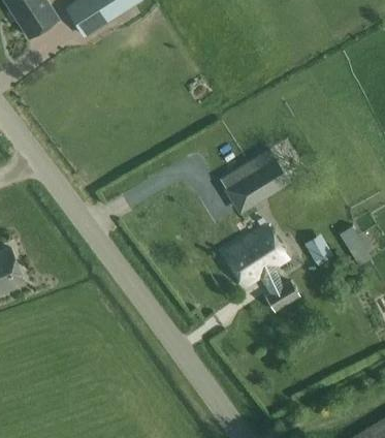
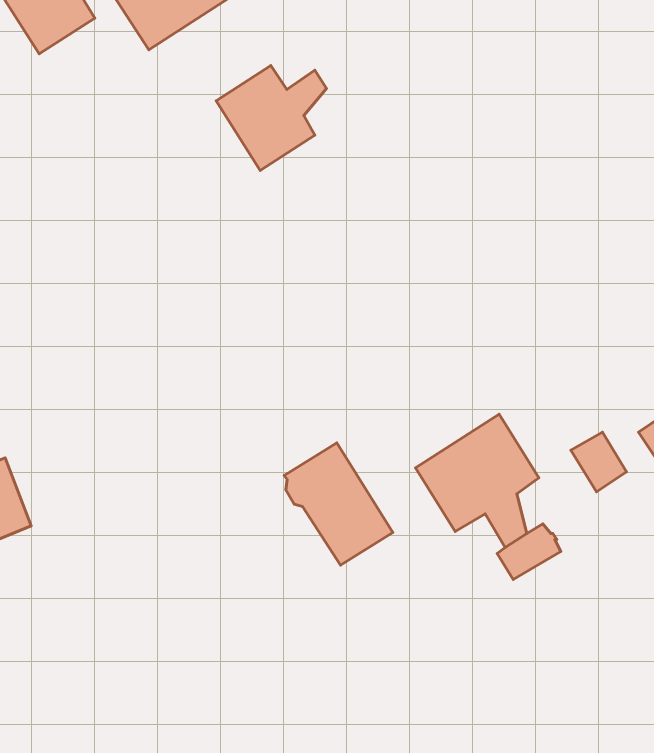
building: none -> [216,65,326,171]
building: [221,151,288,211] -> none
building: none -> [284,443,393,565]

